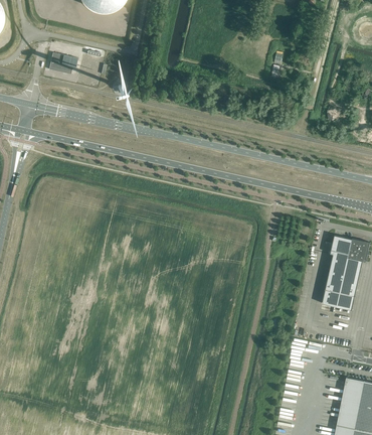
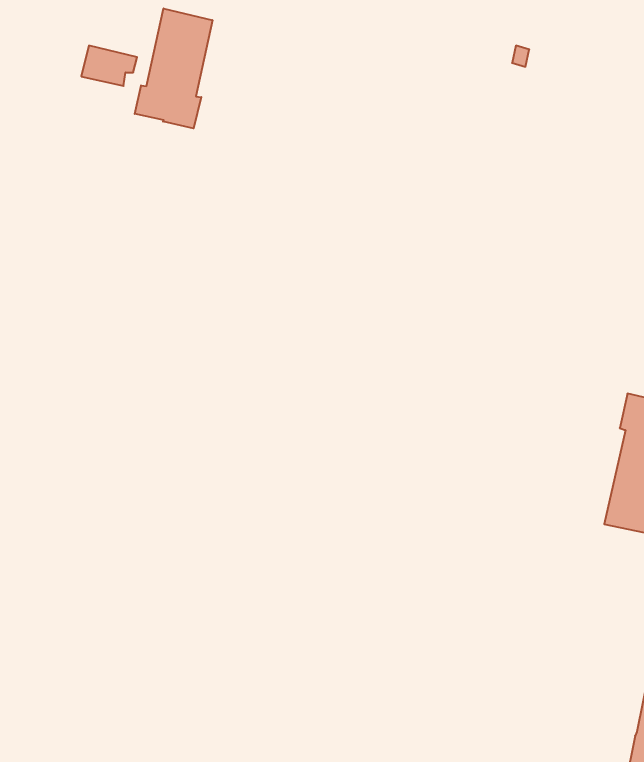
building: none -> [135,8,212,128]

